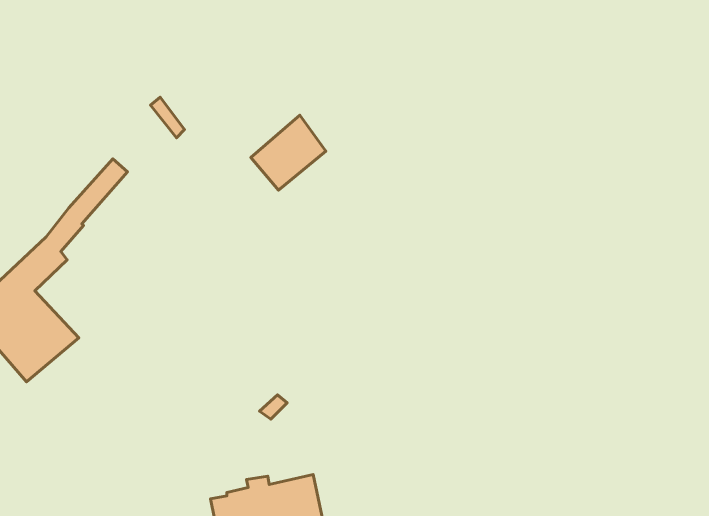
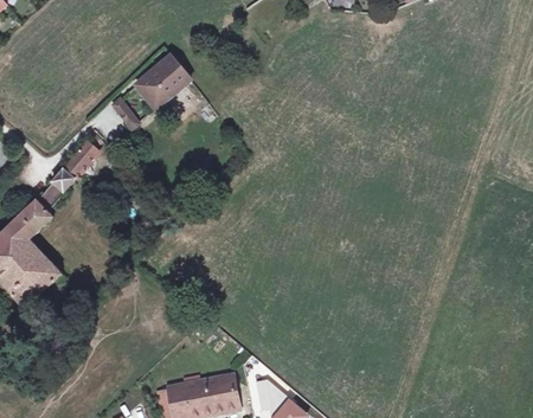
building: [251,115,326,190] -> [135,53,190,108]

